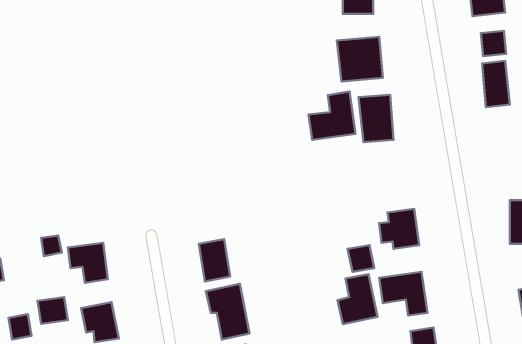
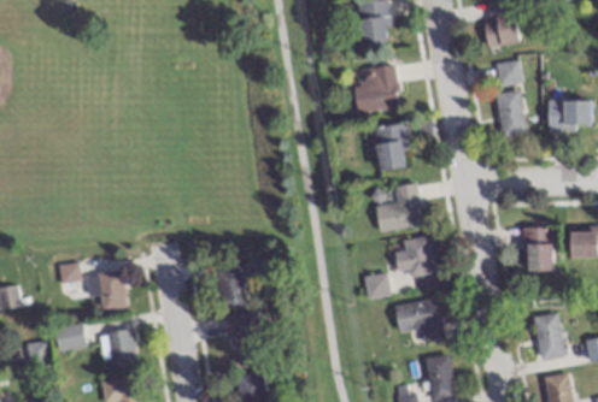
building: [308,91,356,140] -> [376,182,423,230]
building: [337,274,378,324] -> none

